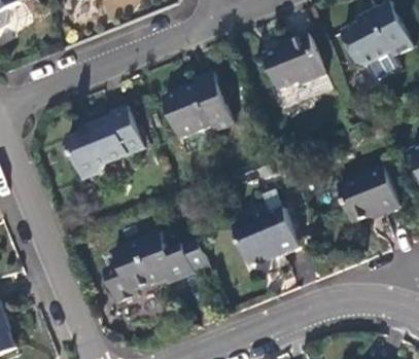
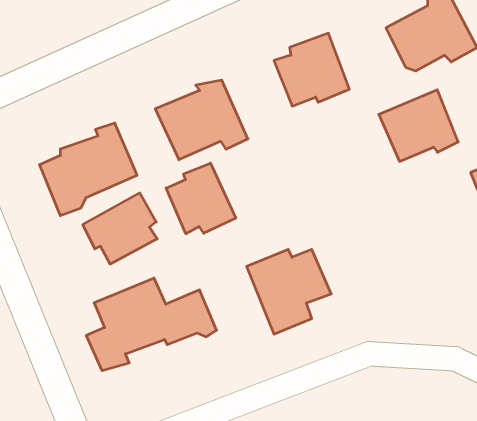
building: none -> [166,163,236,234]
building: none -> [83,193,157,264]
building: [336,163,398,219] -> [379,90,458,161]

